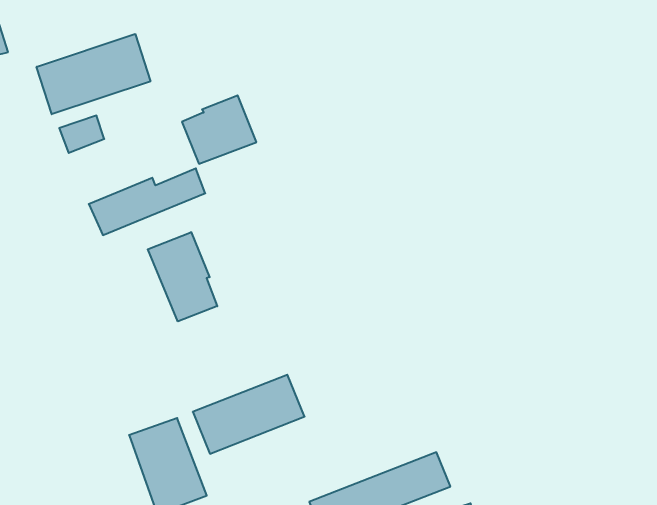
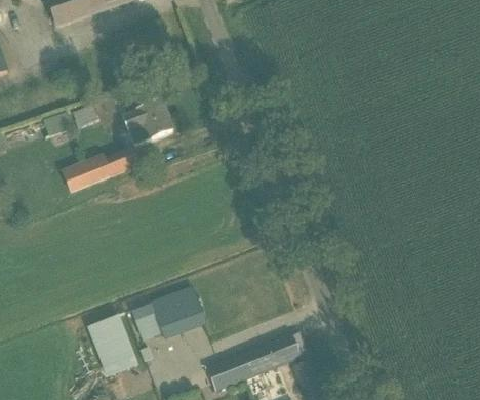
building: [37,34,150,114] -> none
building: [148,232,217,321] -> none

